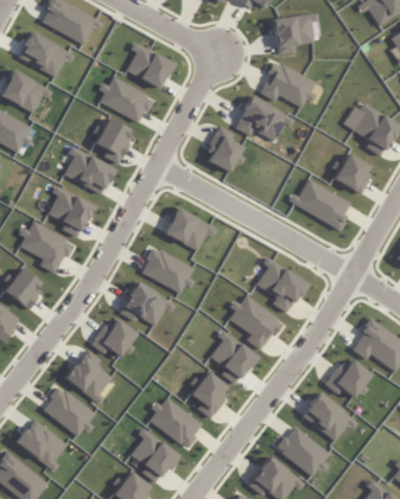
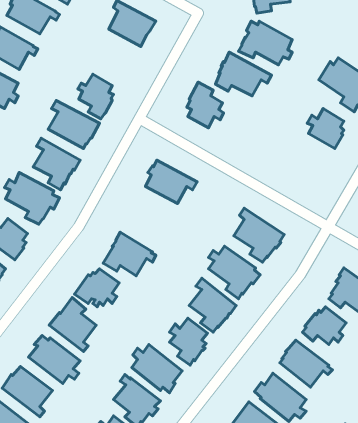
building: [97,77,152,122] -> none
building: [287,179,349,230] -> none
building: [140,248,193,294] -> none

